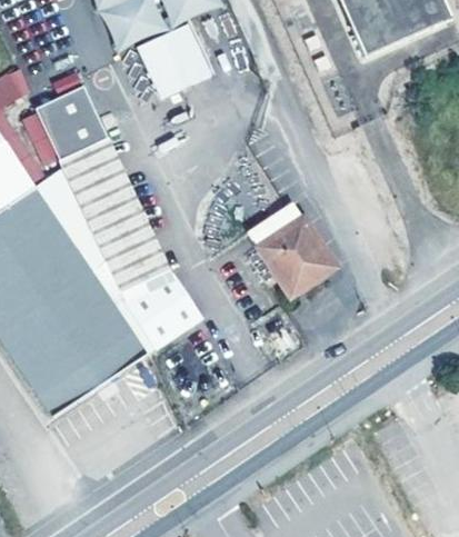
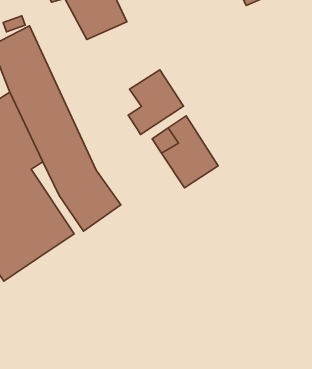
building: none -> [128,70,183,134]

